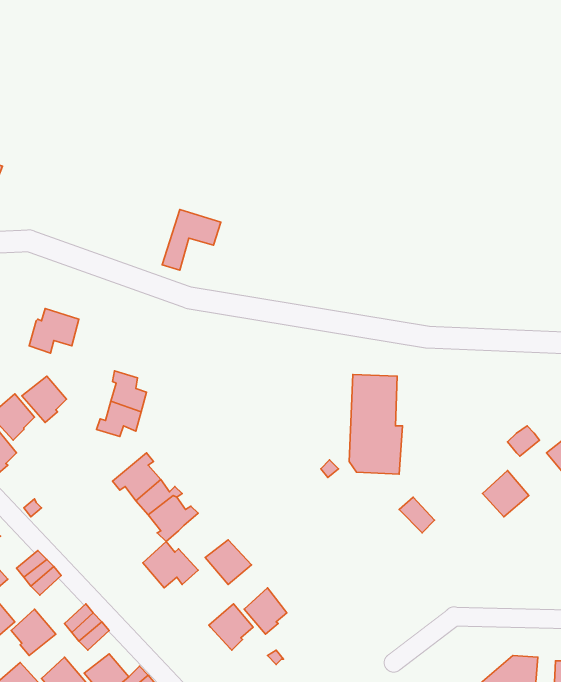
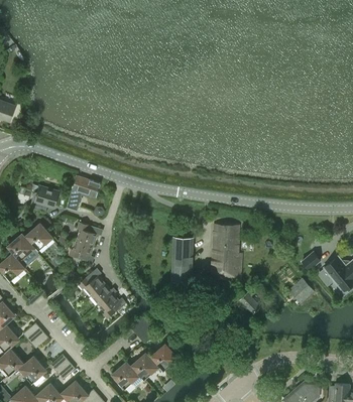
building: [162,210,221,270] -> [67,174,100,209]
building: none -> [171,236,194,280]
building: [143,542,198,588] -> [113,362,144,388]

